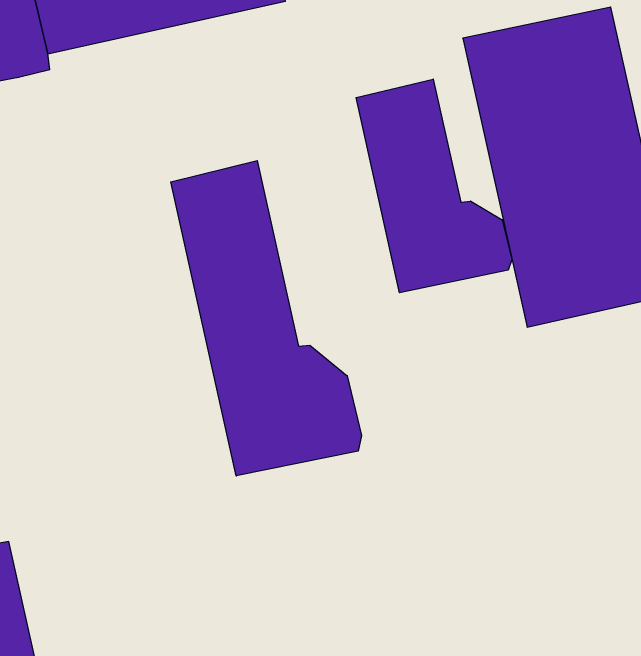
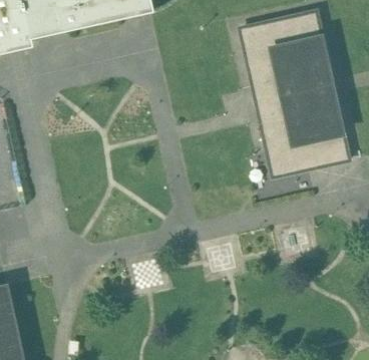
building: [356,79,512,293] -> none
building: [171,161,362,476] -> none

